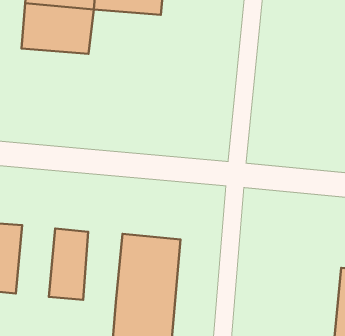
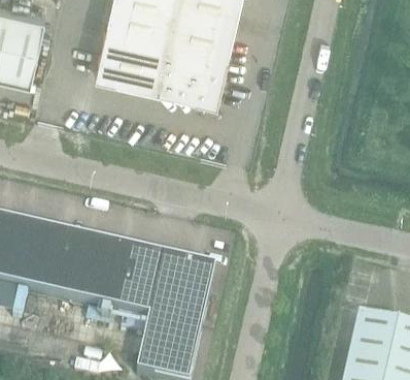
building: none -> [156,48,227,102]
building: none -> [59,236,103,306]
building: none -> [119,251,164,319]

